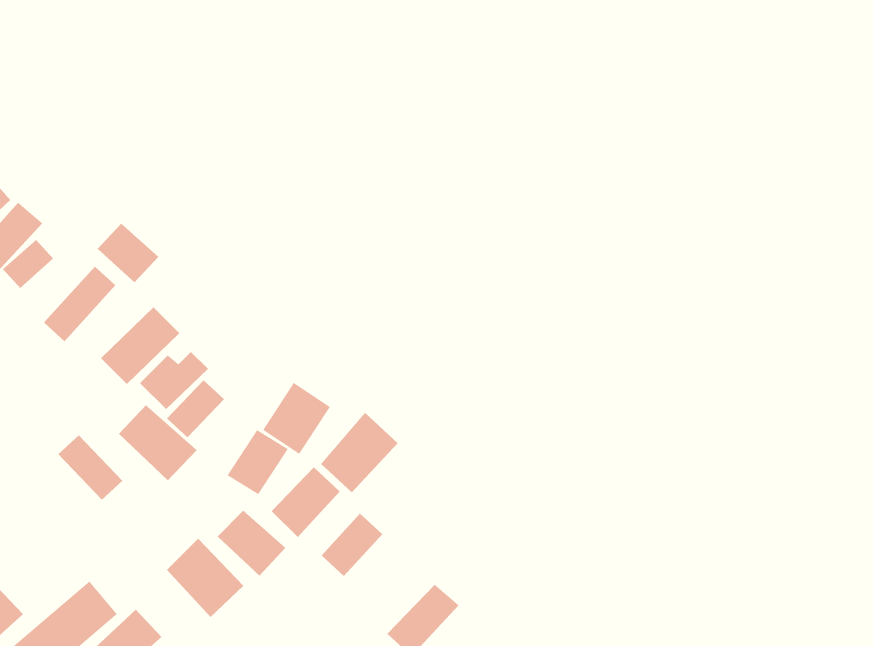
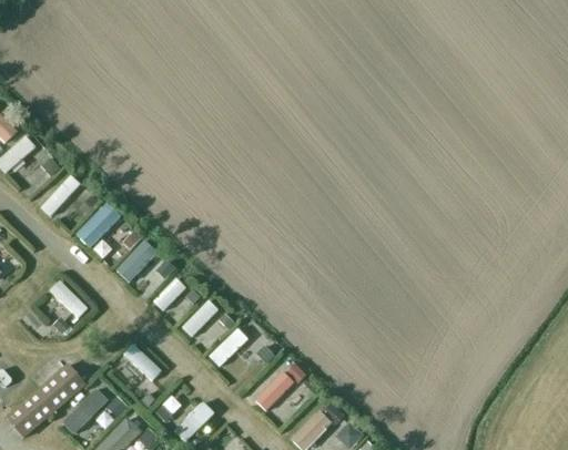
building: [97,223,159,283] -> none
building: [262,382,331,455] -> none
building: [118,405,198,481] -> none
building: [320,412,398,493] -> none
building: [217,510,286,576] -> none

